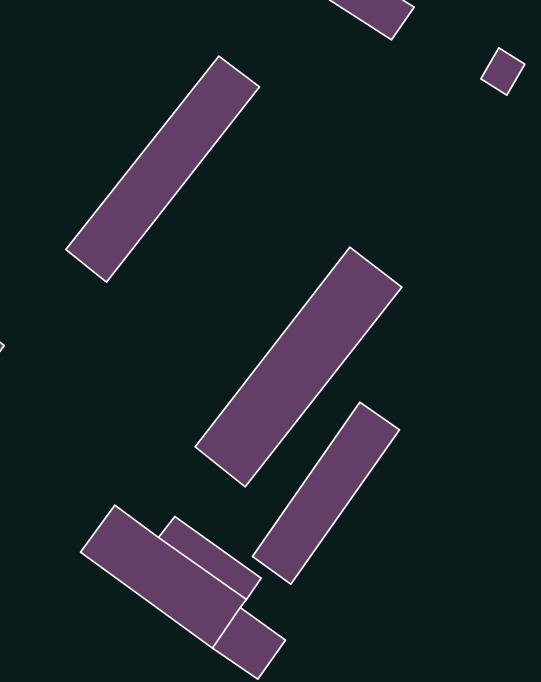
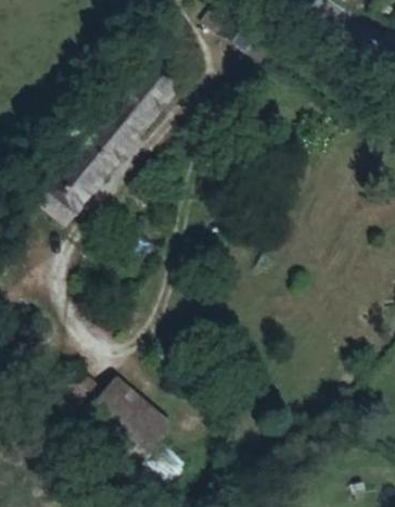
building: [195,247,402,487] -> none
building: [252,402,400,584] -> none

